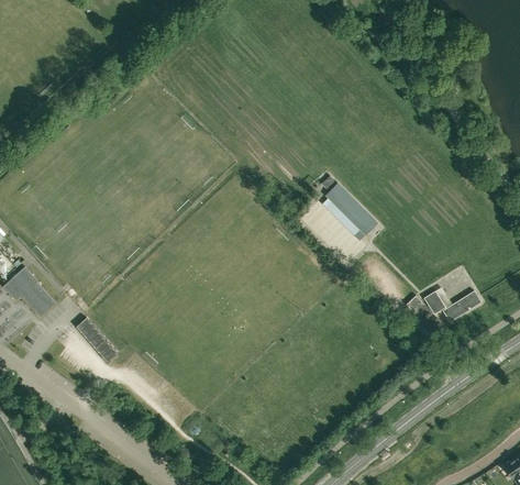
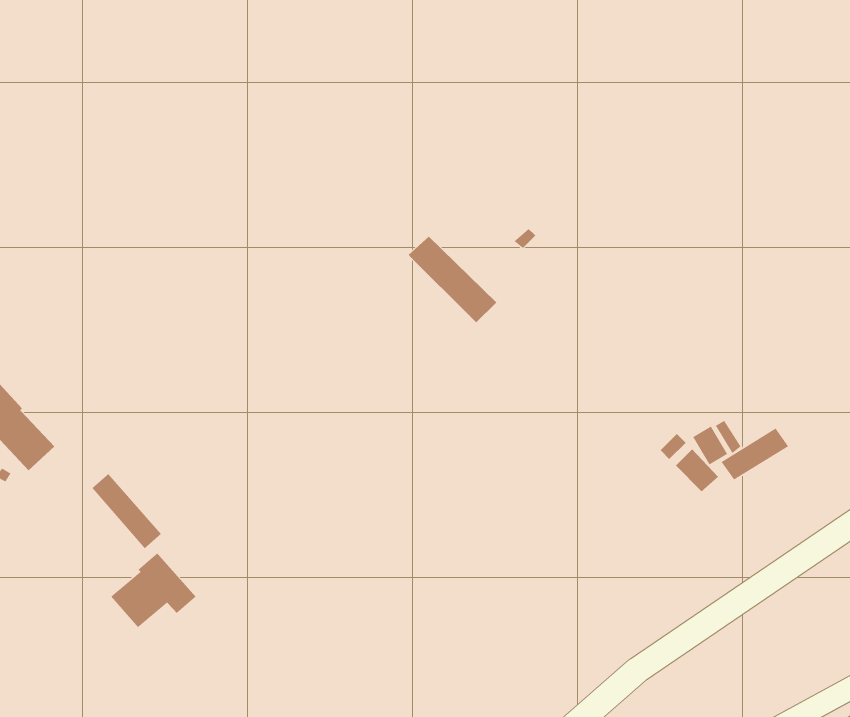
building: [324,185,376,235] -> [408,236,497,323]
building: none -> [110,552,196,628]

